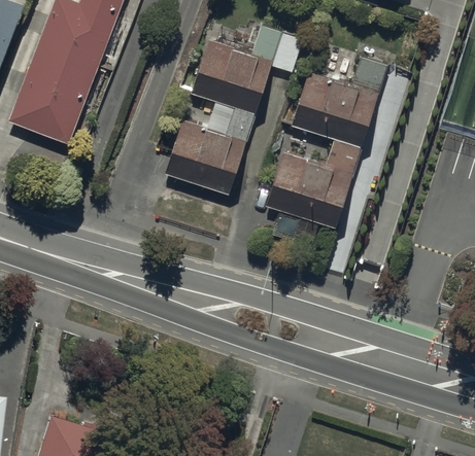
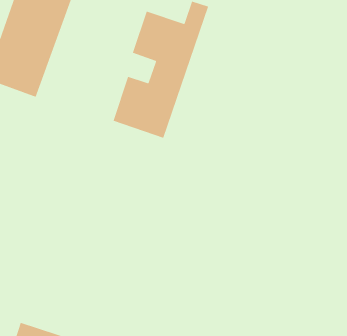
building: [264,56,387,236] -> none

